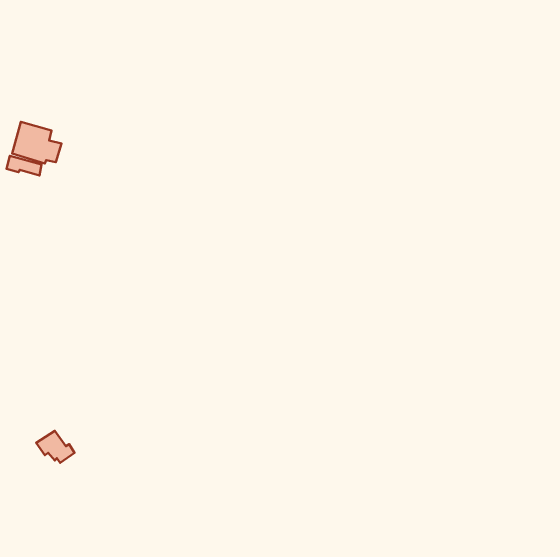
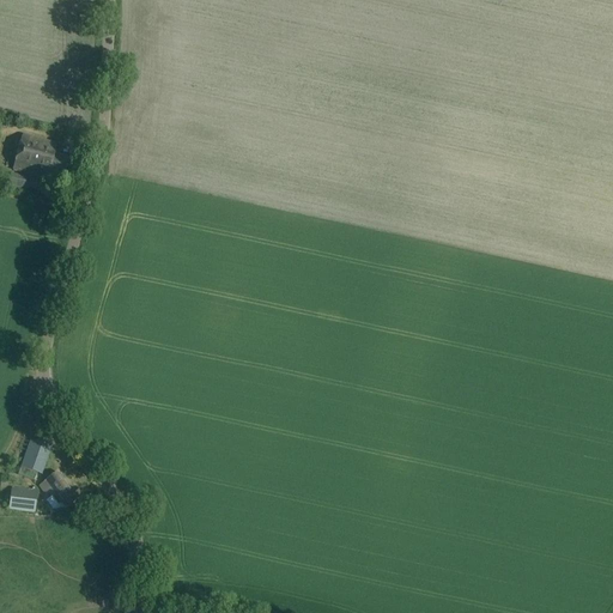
building: none -> [20,437,51,472]
building: none -> [8,485,38,510]

